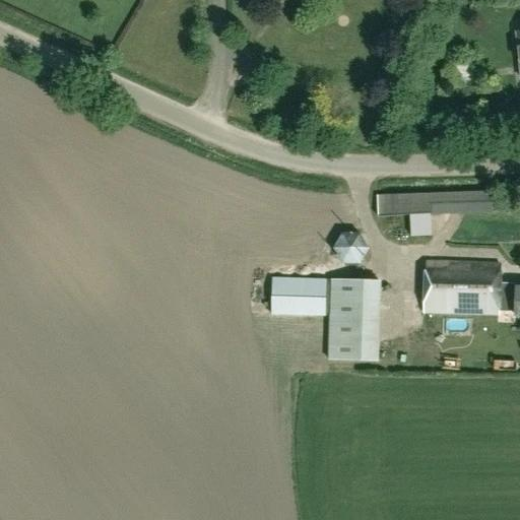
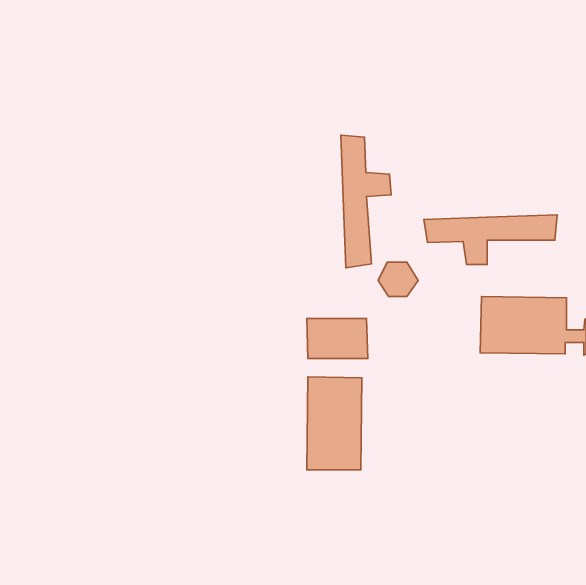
building: none -> [341,135,391,268]
building: [330,265,379,347] -> [307,377,362,470]

